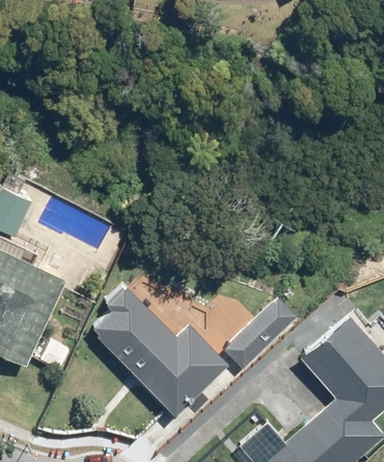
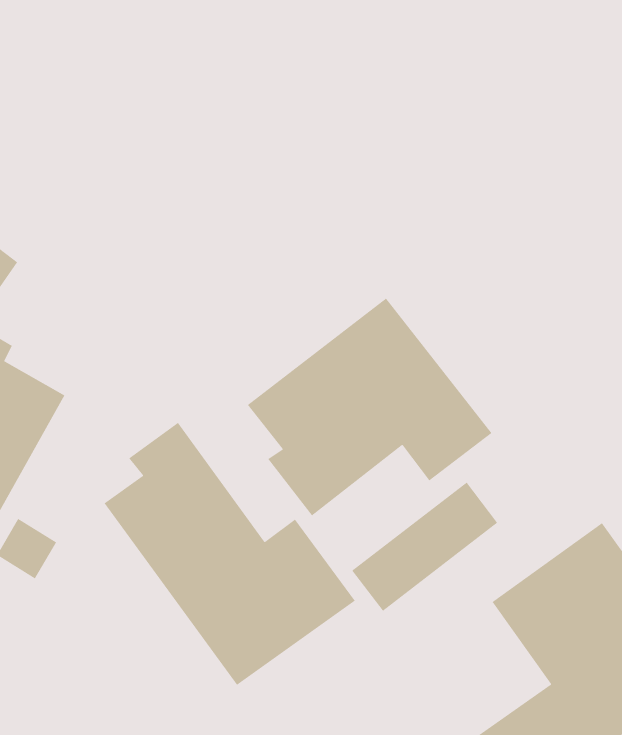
building: none -> [247,297,492,516]

